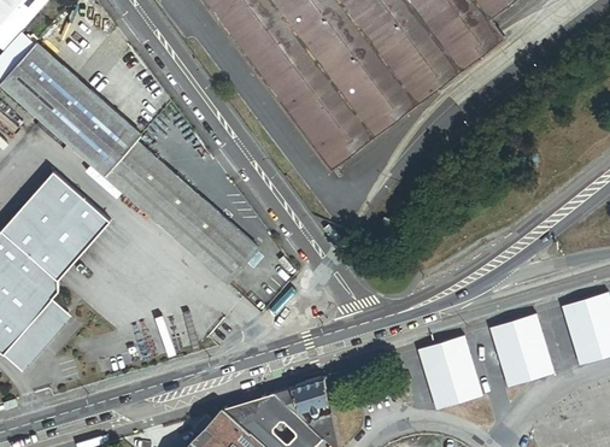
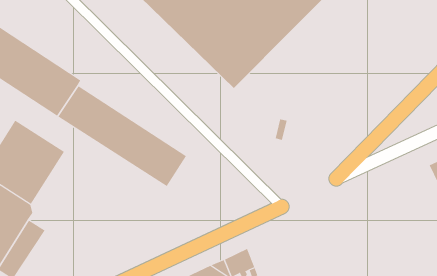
building: [491,312,556,387] -> none
building: [420,336,485,411] -> none

